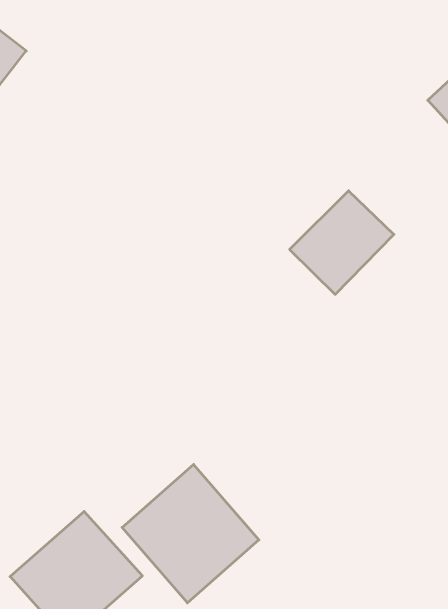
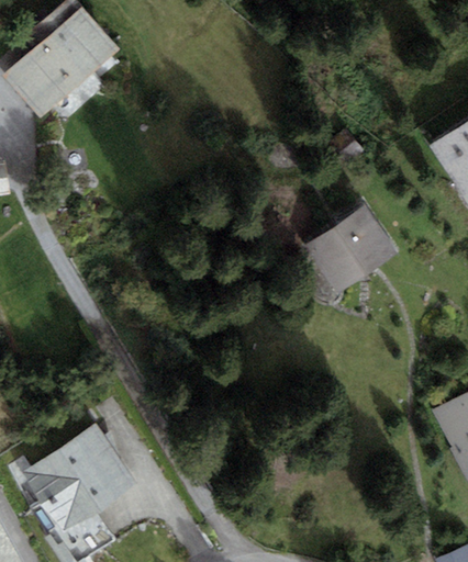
building: [122,464,259,603] -> none

